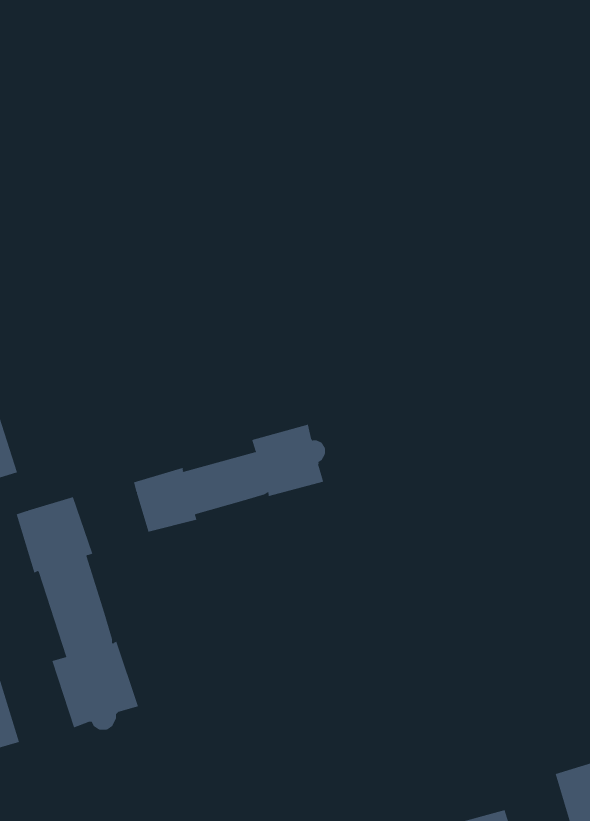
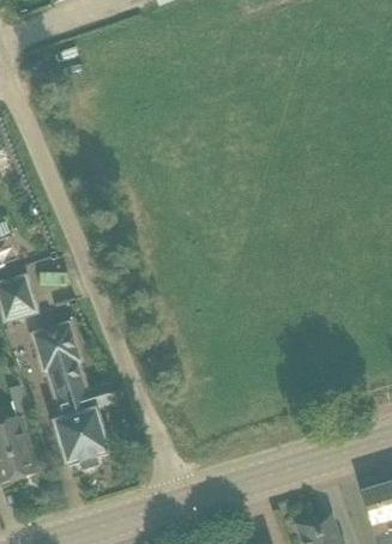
building: [133,424,325,532] -> none

